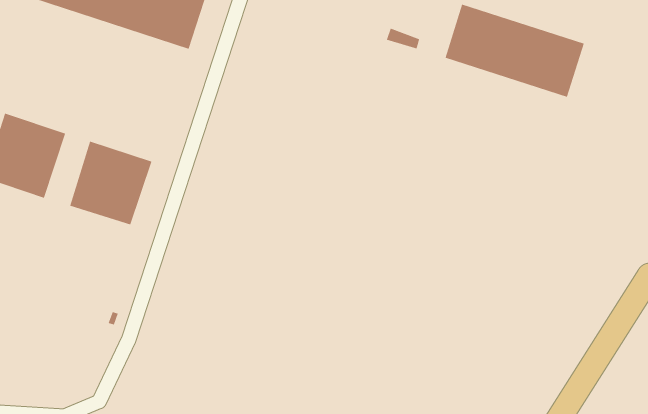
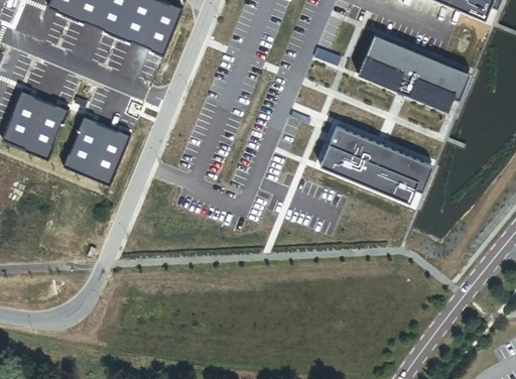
building: none -> [311,119,431,216]

